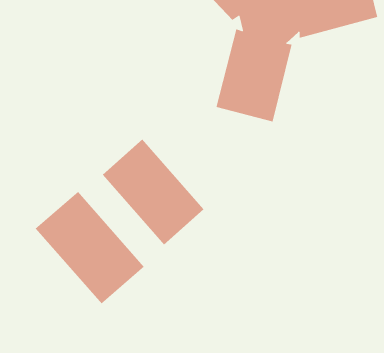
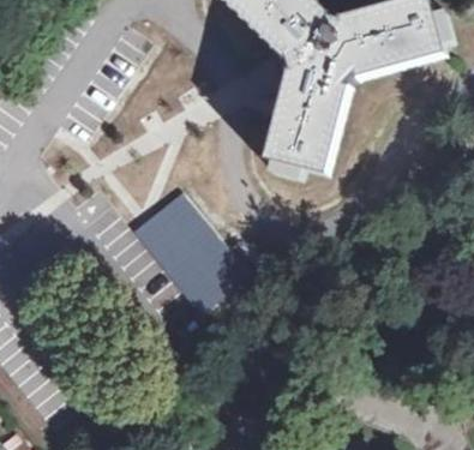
building: [34,191,145,305] -> none

